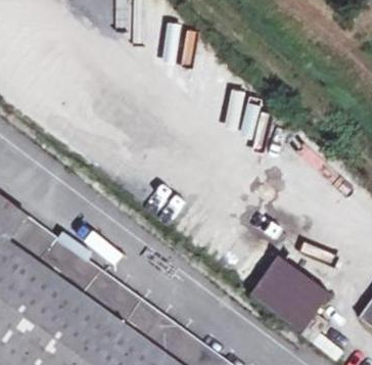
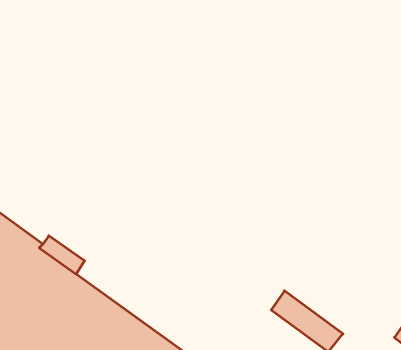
building: [263,257,328,315] -> none

